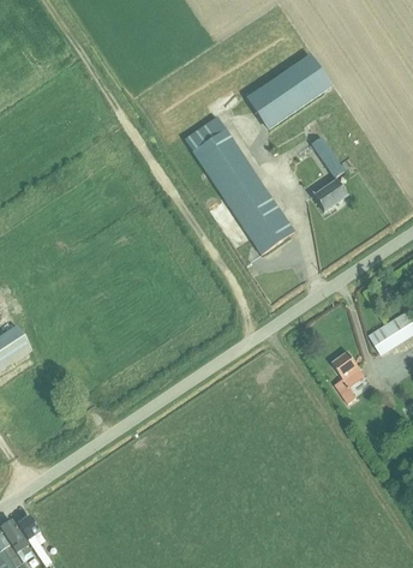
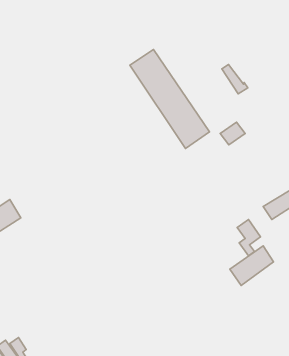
building: [246,54,331,130] -> none
building: [312,179,347,210] -> [220,122,245,145]
building: none -> [230,246,273,286]

